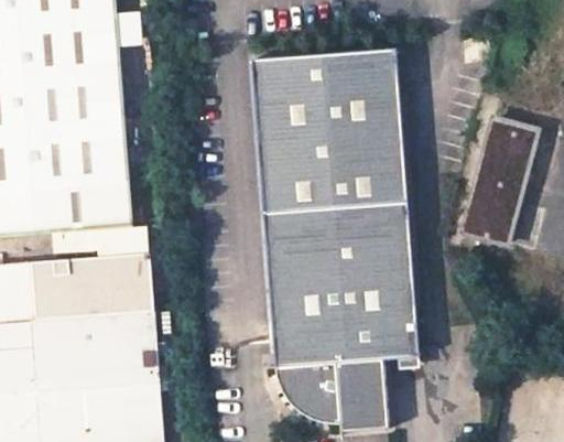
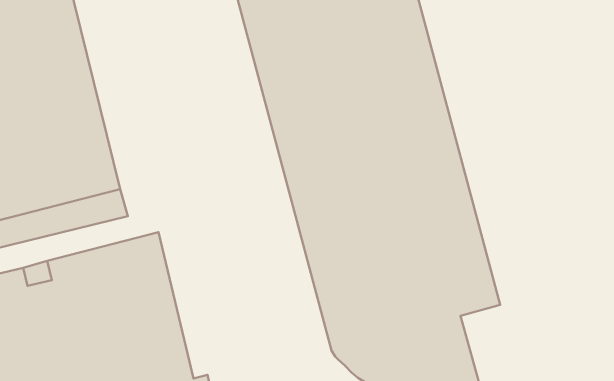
building: [458,119,538,244] -> none

